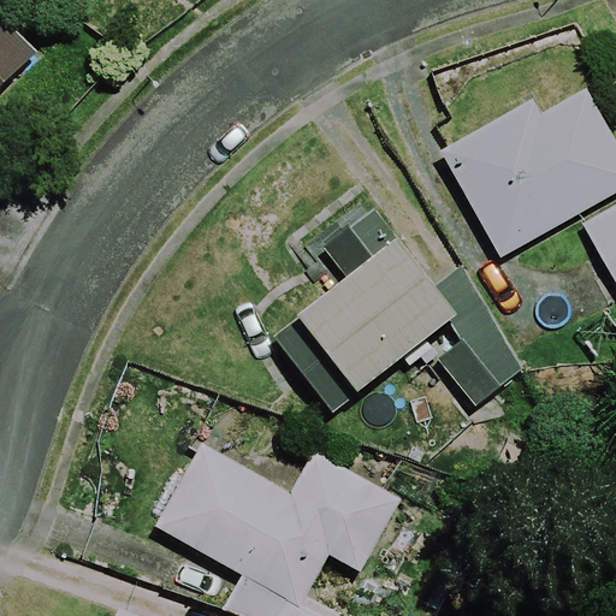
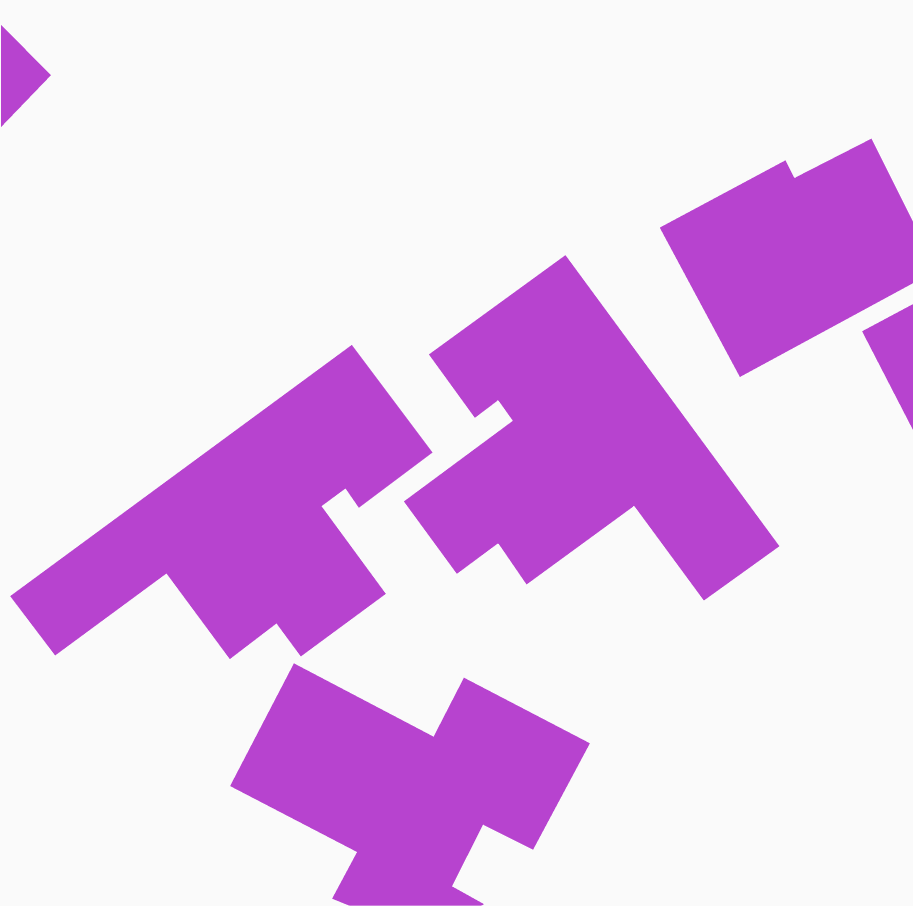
building: none -> [9,344,434,660]

